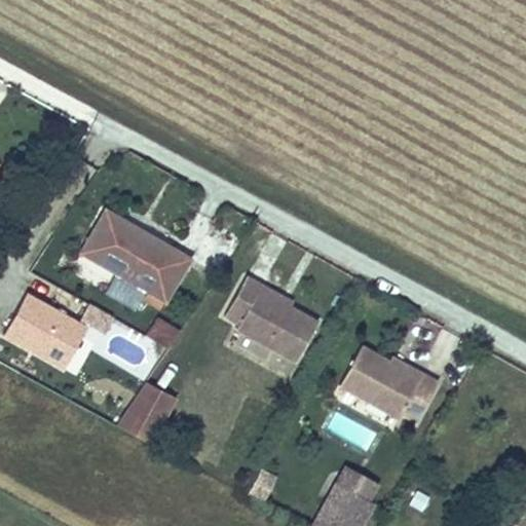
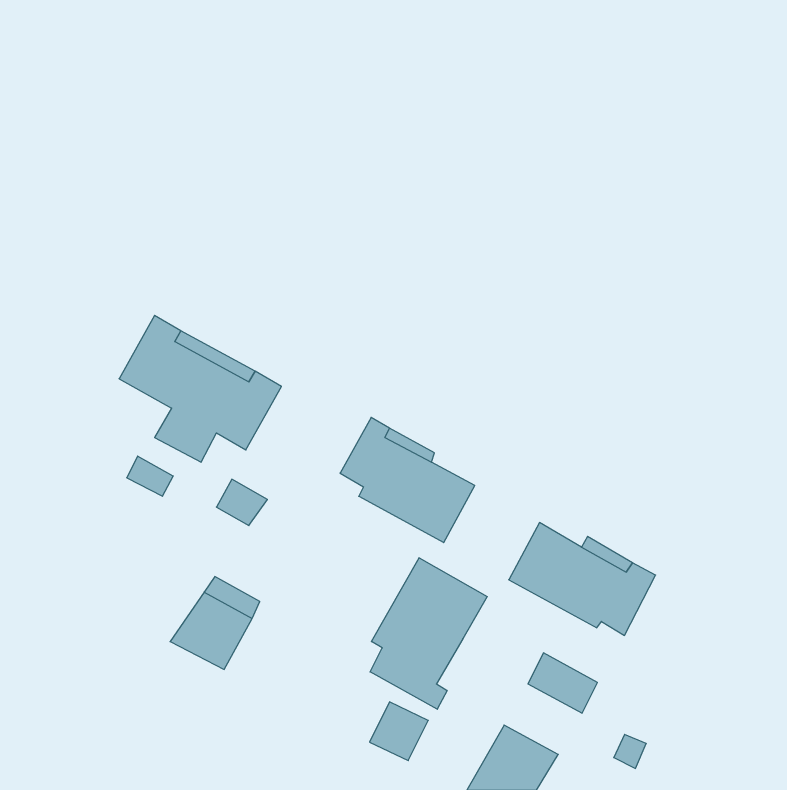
building: [6,294,87,364] -> none
building: none -> [370,558,487,709]
building: [337,461,383,501] -> [528,653,597,713]

